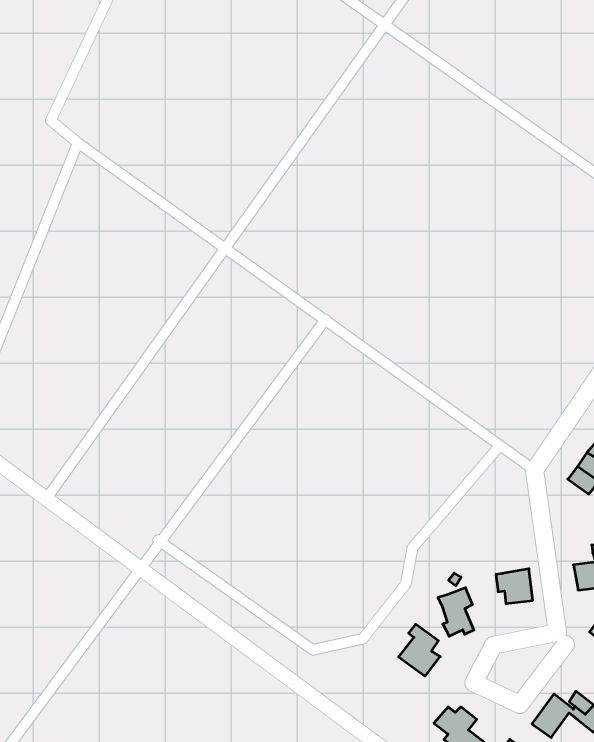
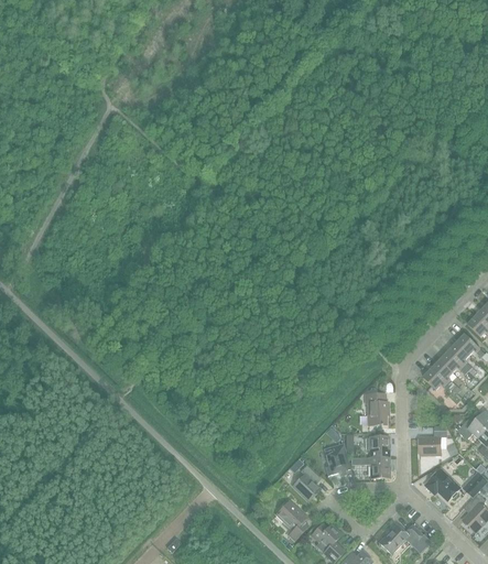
building: none -> [365,393,388,424]
building: none -> [360,456,389,477]
building: none -> [275,499,306,540]

